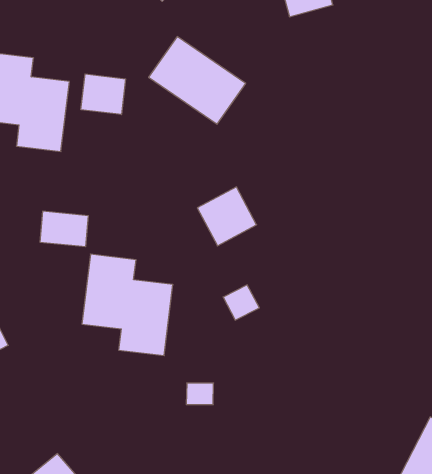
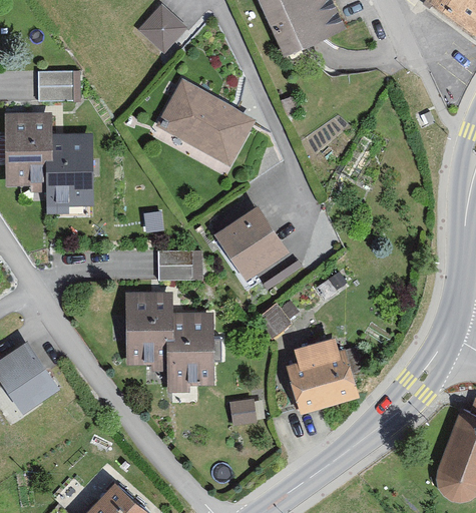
building: none -> [38,73,75,105]
building: [81,74,126,115] -> none
building: [40,211,88,247] -> [156,249,200,280]
building: none -> [288,337,362,411]

